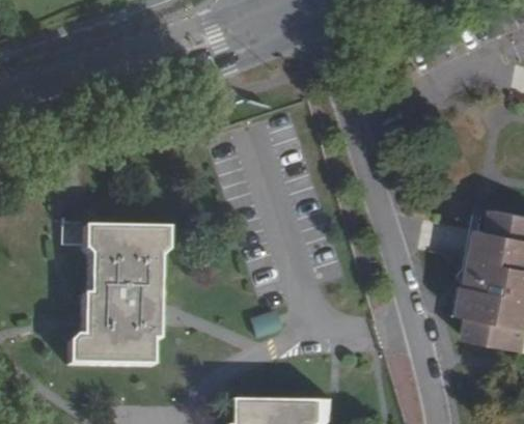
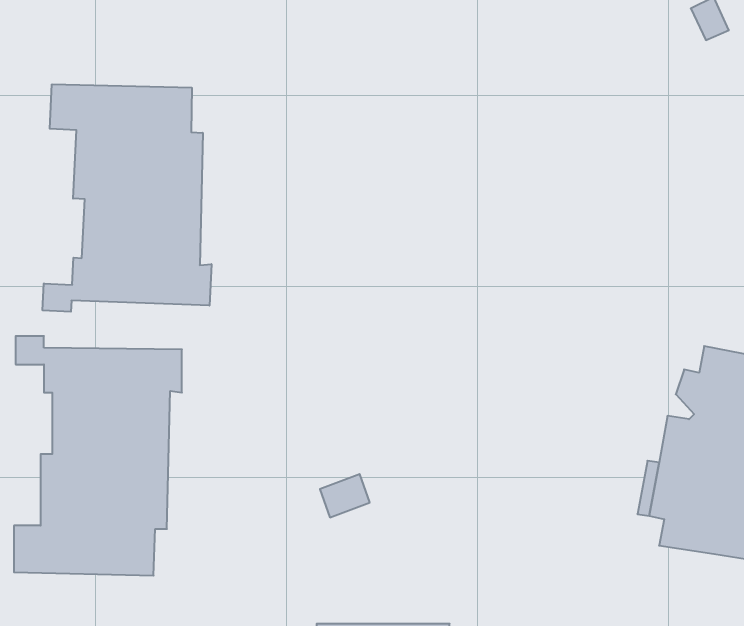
building: none -> [43,84,211,312]

